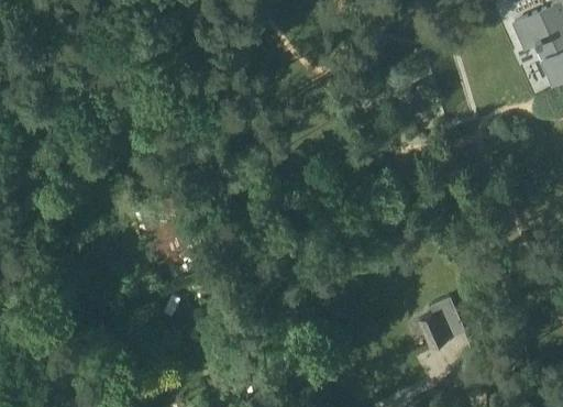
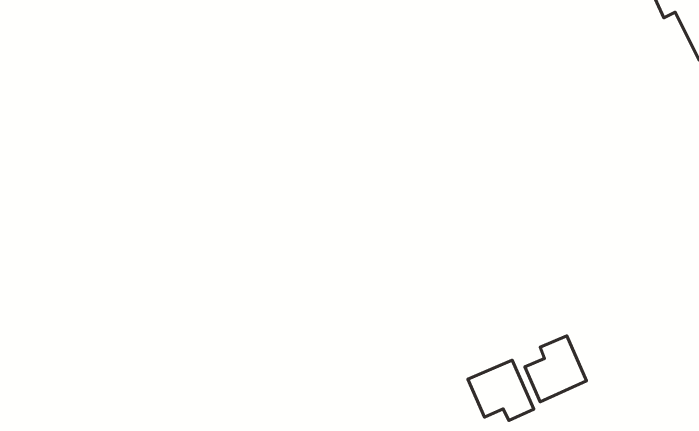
building: none -> [468,360,534,421]

